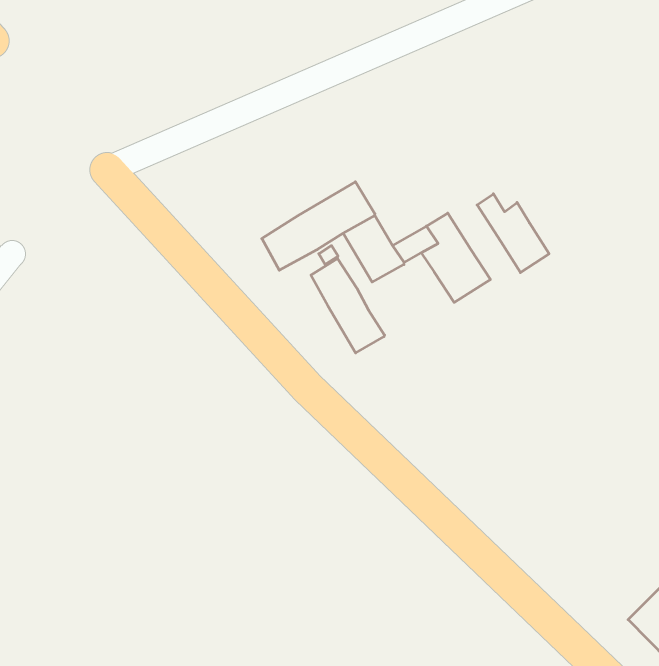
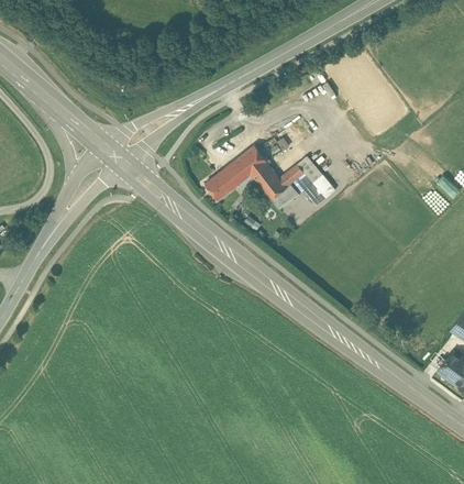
building: [477,194,549,273] -> none
building: [311,258,385,353] -> none

